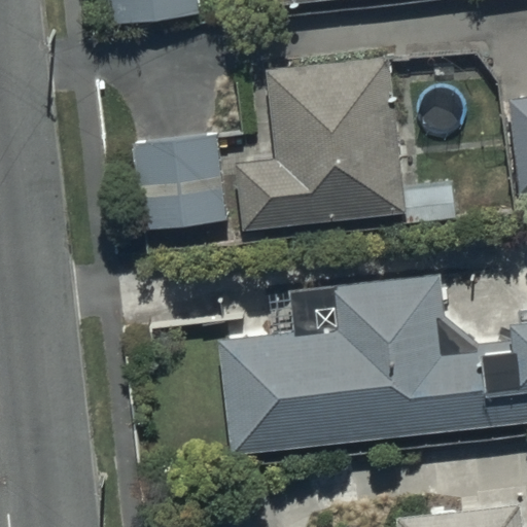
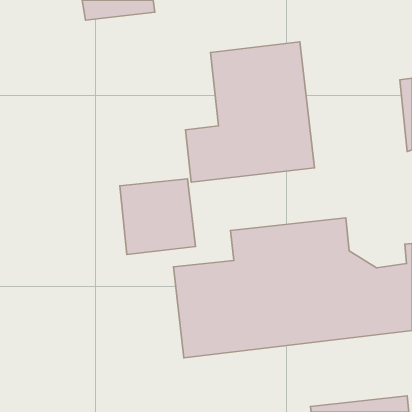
building: [131,133,227,230] -> [120,179,195,254]

